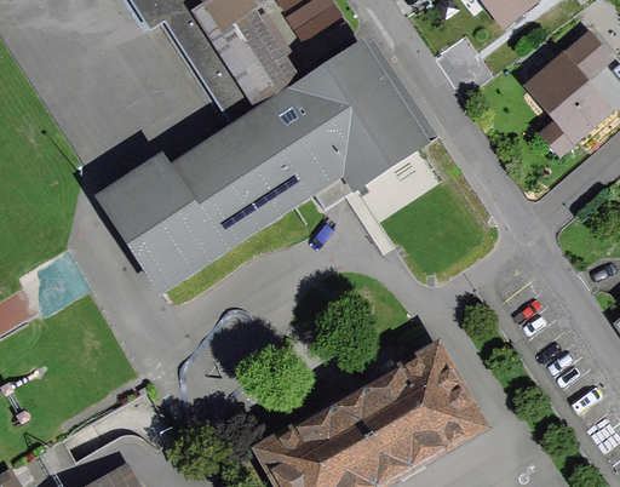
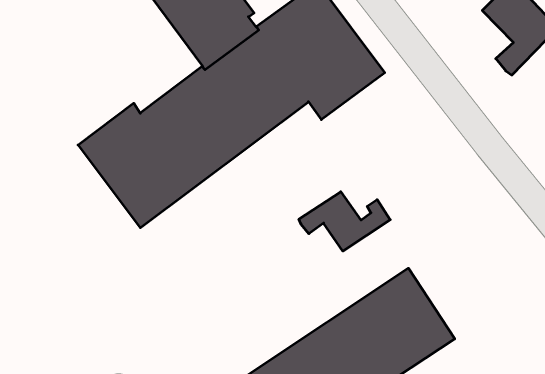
building: none -> [299,192,390,251]

